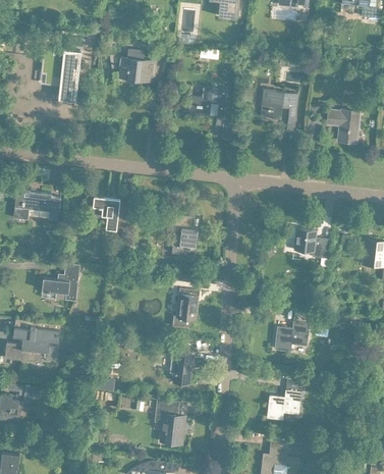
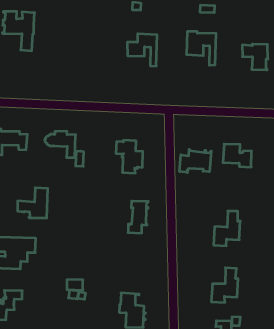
building: [120,49,156,81] -> none
building: none -> [180,149,211,173]
building: [173,349,193,383] -> none

